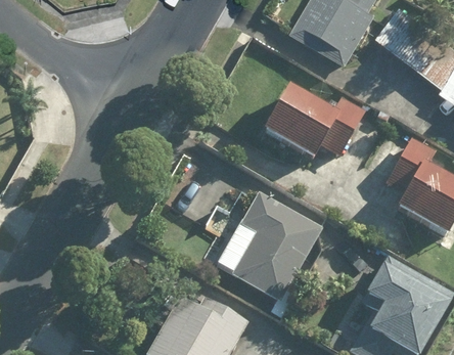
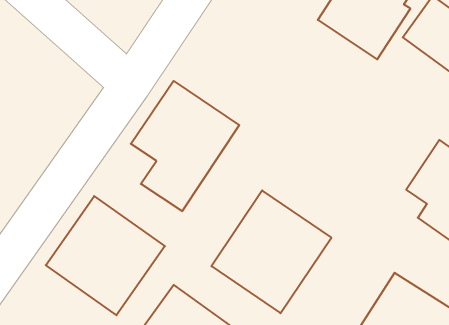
building: [263,87,364,160] -> none
building: none -> [131,81,239,211]
building: none -> [46,196,165,315]

